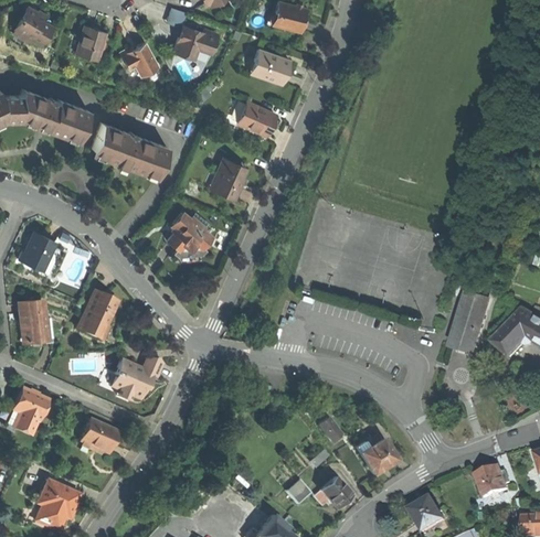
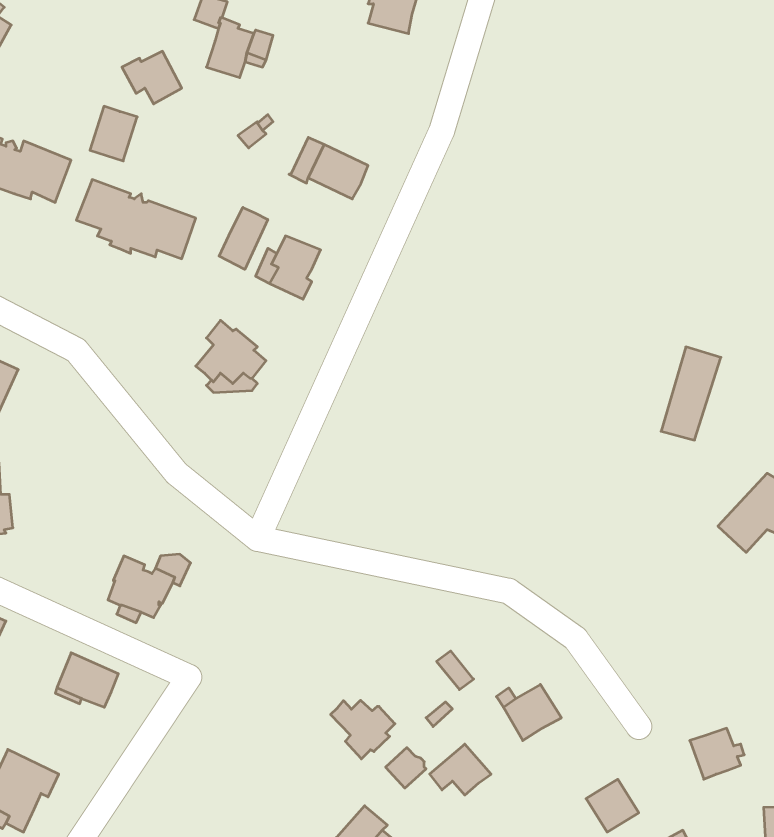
building: [76,25,106,60] -> [90,106,137,161]
building: [251,50,290,84] -> none
building: none -> [219,207,268,269]
building: [77,291,118,341] -> none
building: [455,293,493,352] -> [661,347,721,440]
building: none -> [331,700,395,759]

